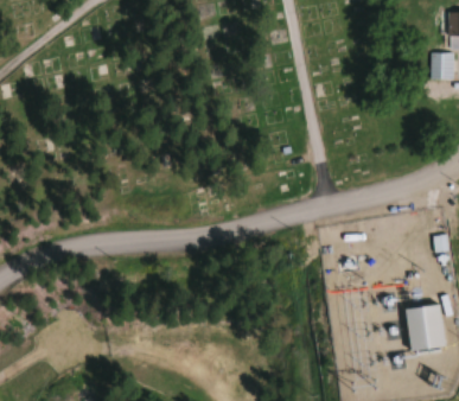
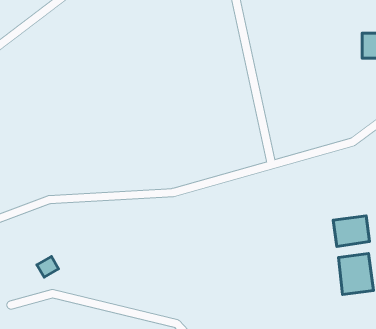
building: none -> [333,216,370,246]

